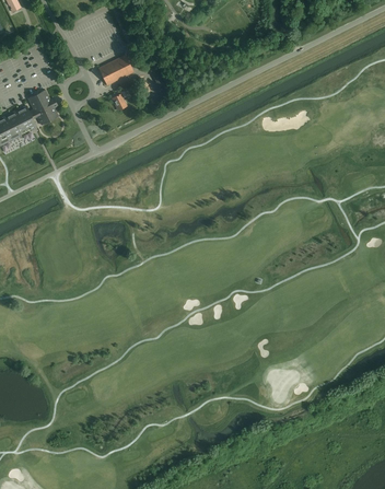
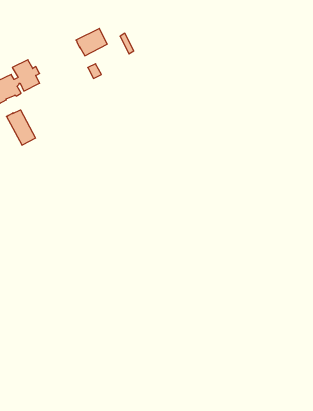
building: none -> [6,110,35,145]

